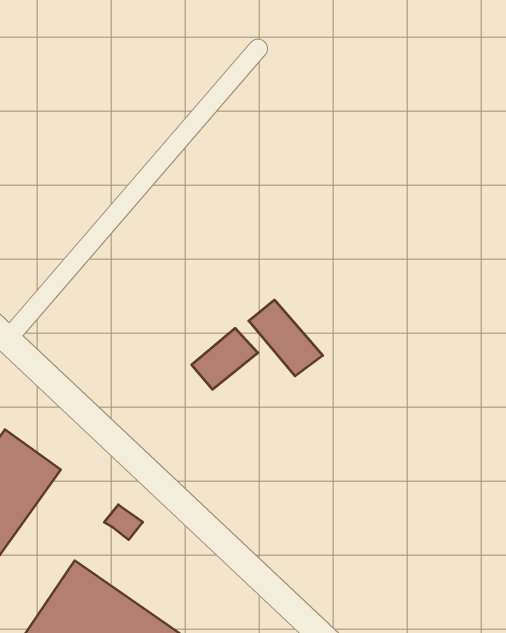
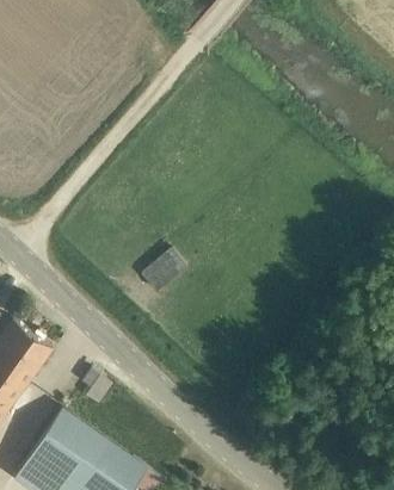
building: [249,300,323,376] -> none

